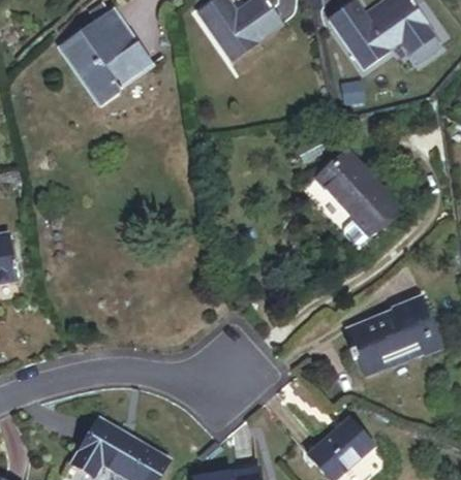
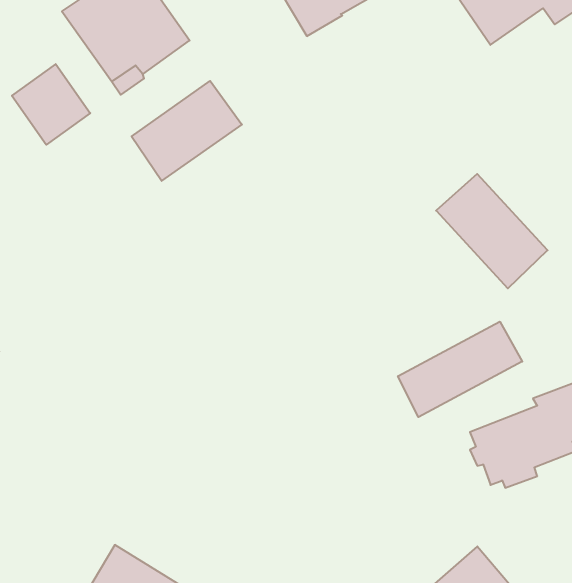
building: none -> [12,64,90,145]
building: none -> [132,81,242,181]
building: none -> [398,322,522,417]

